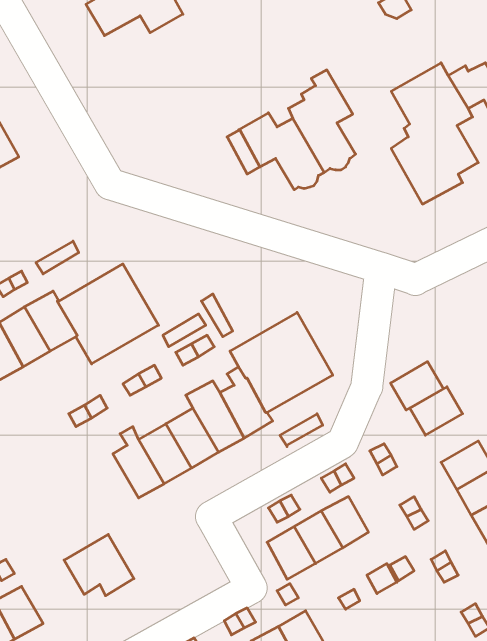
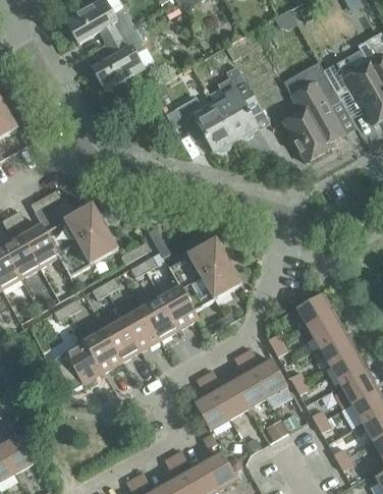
building: none -> [93,25,146,90]
building: [391,362,443,410] -> [308,312,345,346]
building: none -> [253,359,287,396]
building: [64,534,134,596] -> [53,340,103,384]

